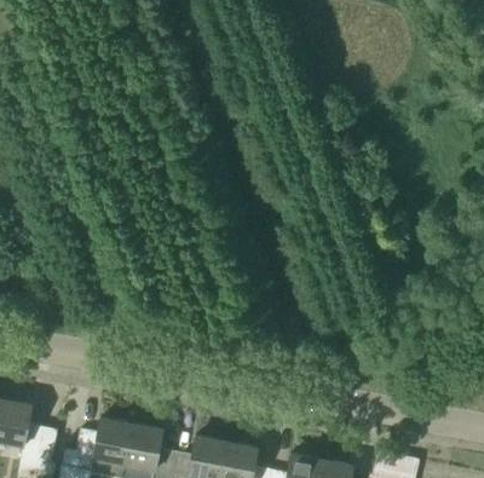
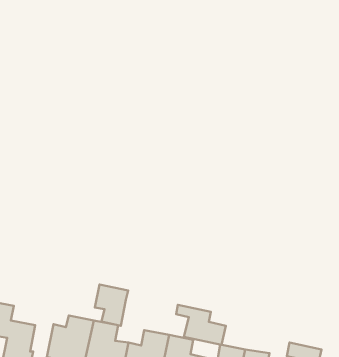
building: none -> [95,285,128,326]
building: none -> [176,305,226,345]

